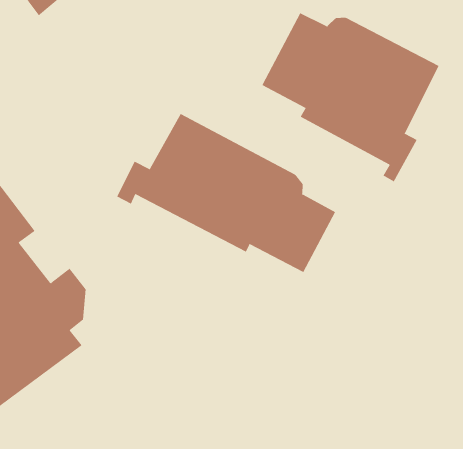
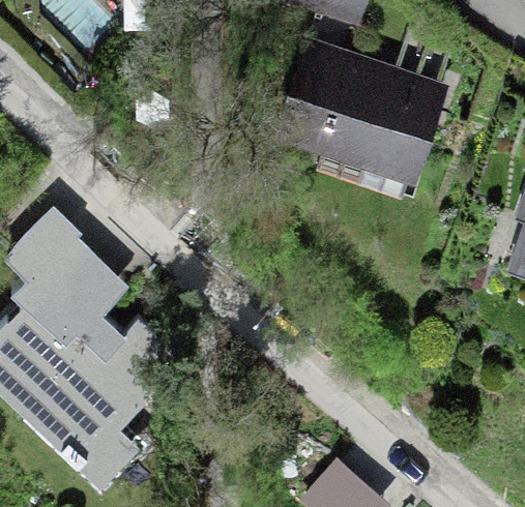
building: [116,113,336,273] -> none

